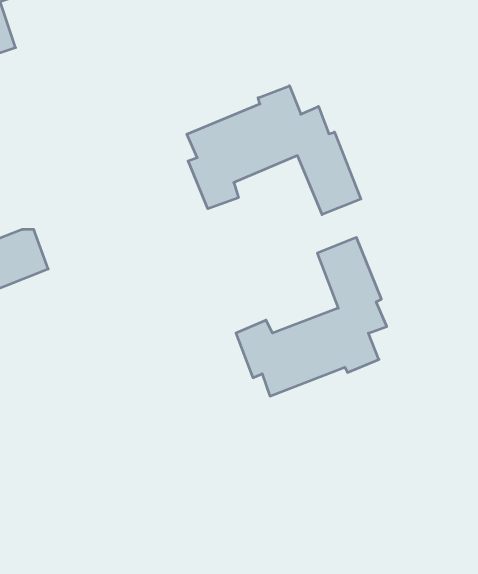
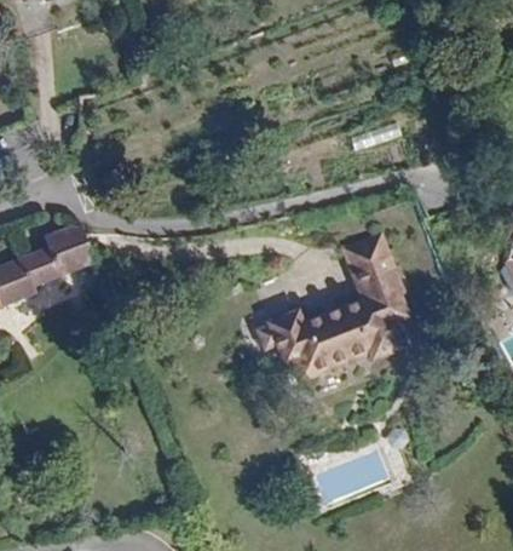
building: [187,86,361,215] -> none

